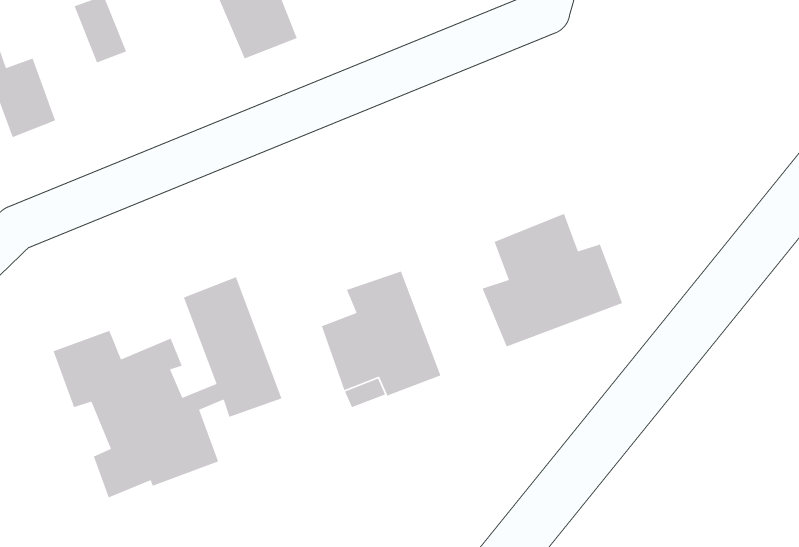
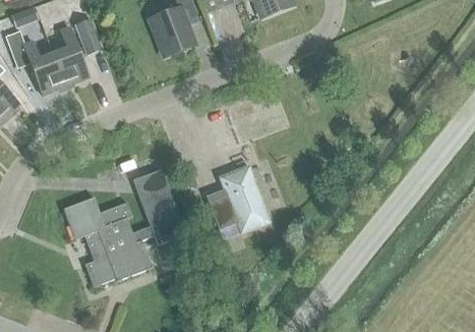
building: none -> [53,25,88,86]
building: [482,213,623,348] -> none

